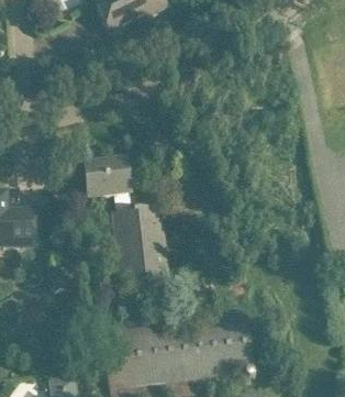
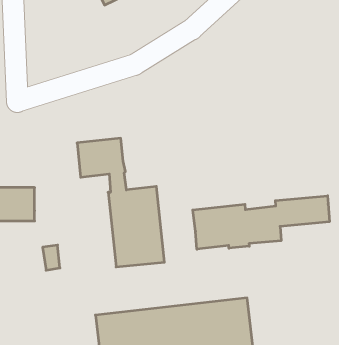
building: none -> [193,196,329,249]

